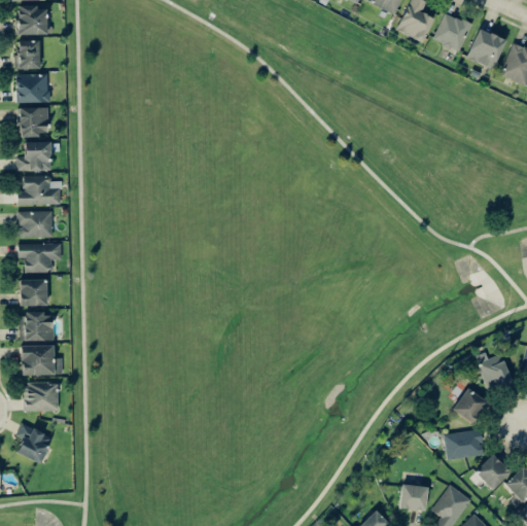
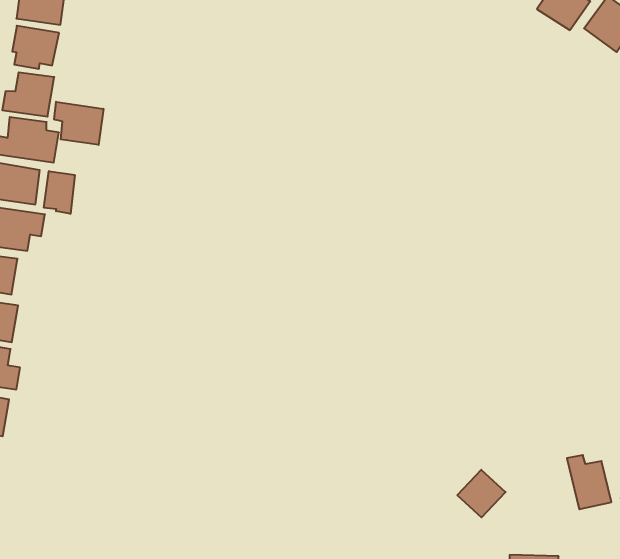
building: none -> [54,102,103,145]
building: none -> [44,171,75,214]
building: [453,388,488,423] -> [457,470,506,517]

